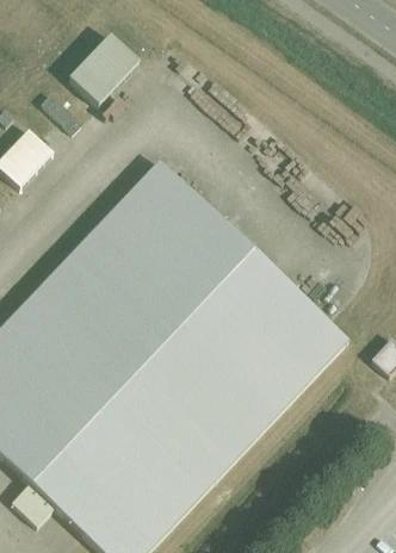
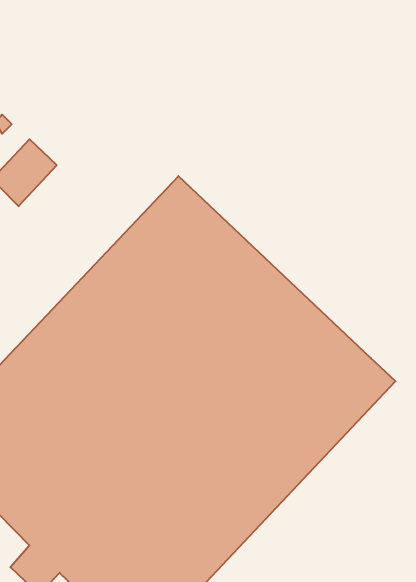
building: [70,32,141,102] -> none

